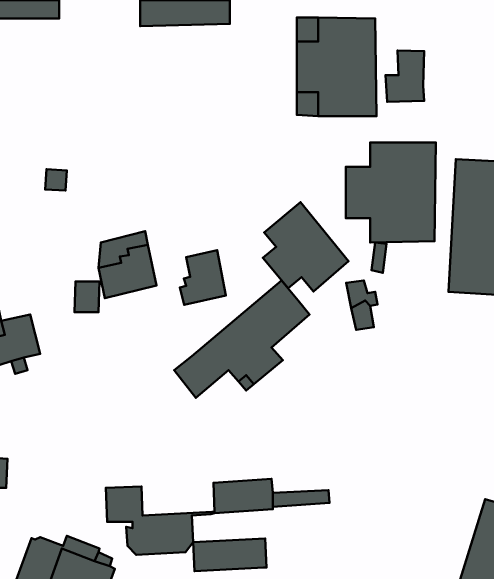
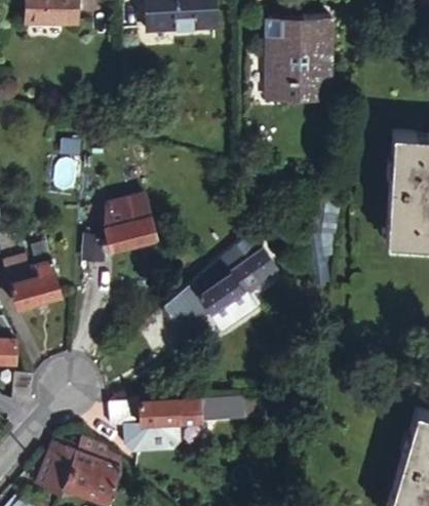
building: [385,51,424,102] -> none
building: [346,143,436,243] -> none
building: [263,202,348,291] -> none
building: [180,250,226,305] -> none
building: [193,538,266,571] -> [140,397,199,424]

